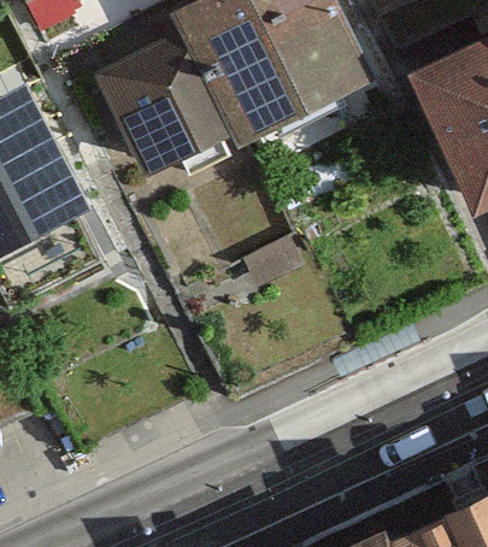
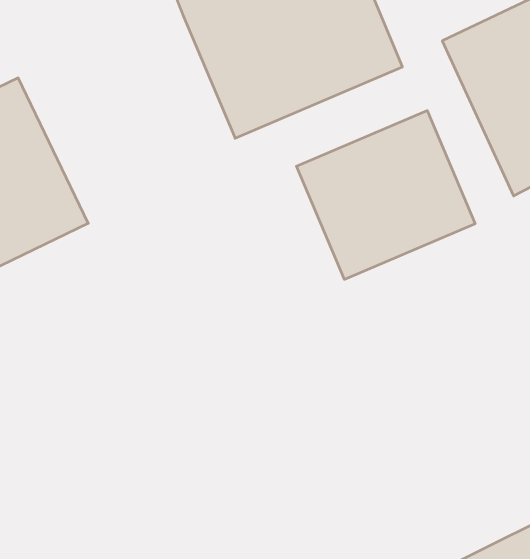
building: [92,33,217,175] -> none
building: none -> [296,111,475,279]

